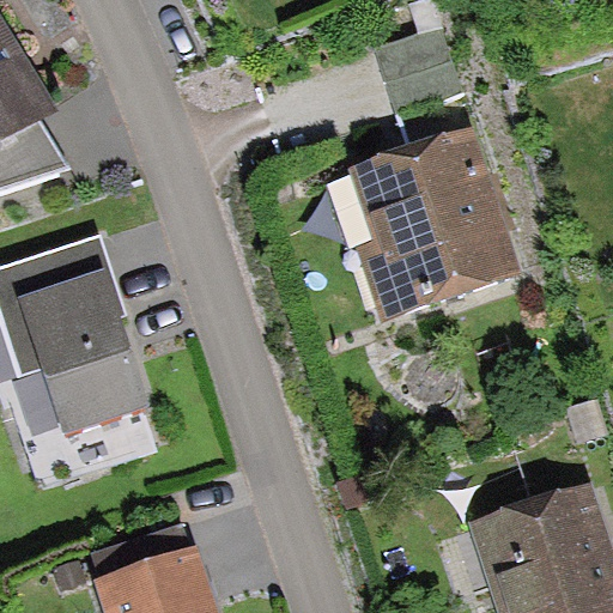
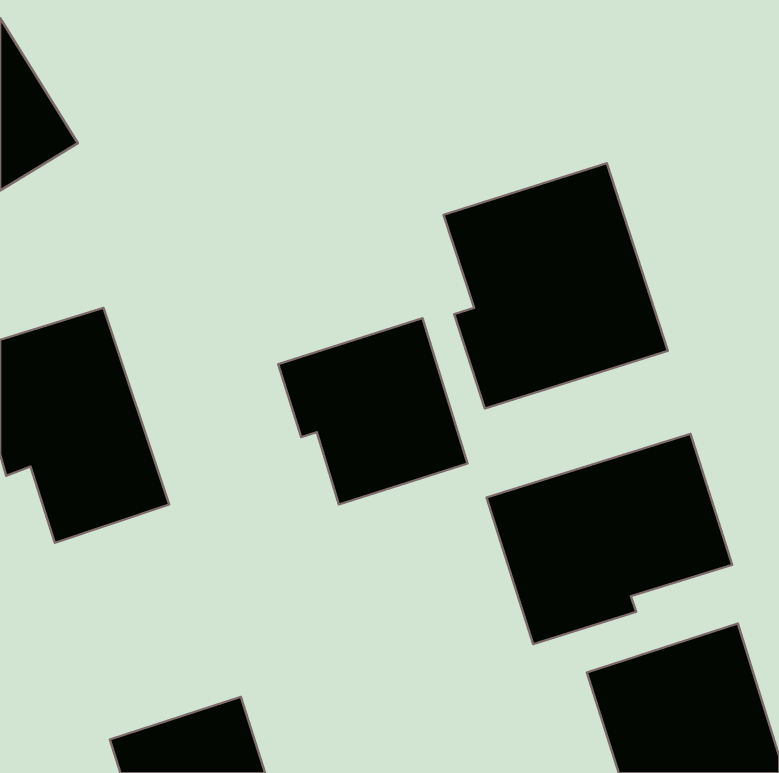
building: none -> [278,318,468,504]
building: none -> [487,434,732,644]

